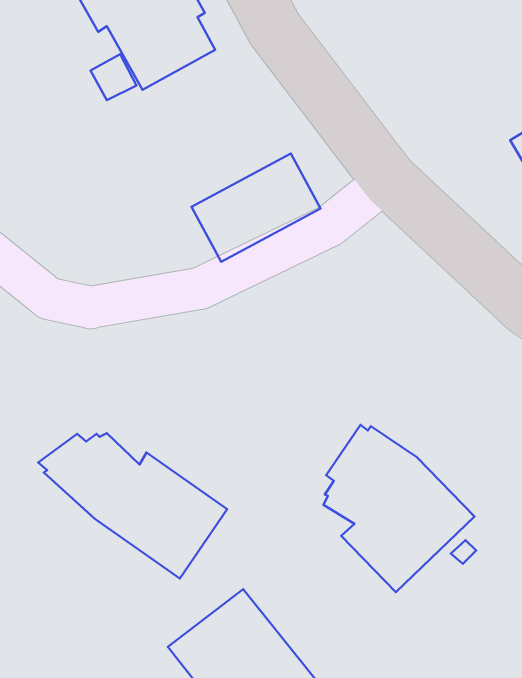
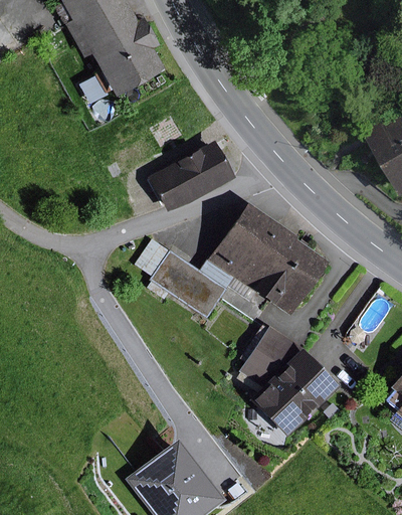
building: none -> [134,203,328,320]
building: [38,433,227,578] -> none

